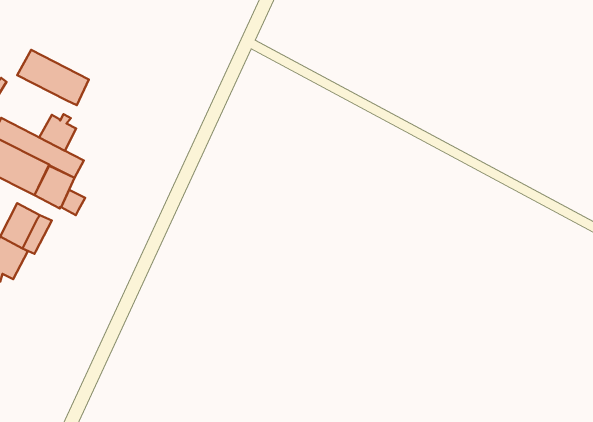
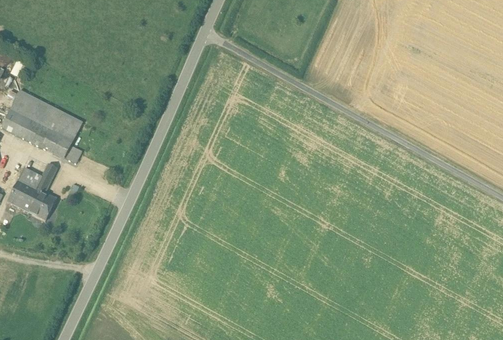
building: [17,50,89,105] -> none
building: [39,114,76,151] -> none
building: none -> [28,190,56,219]

